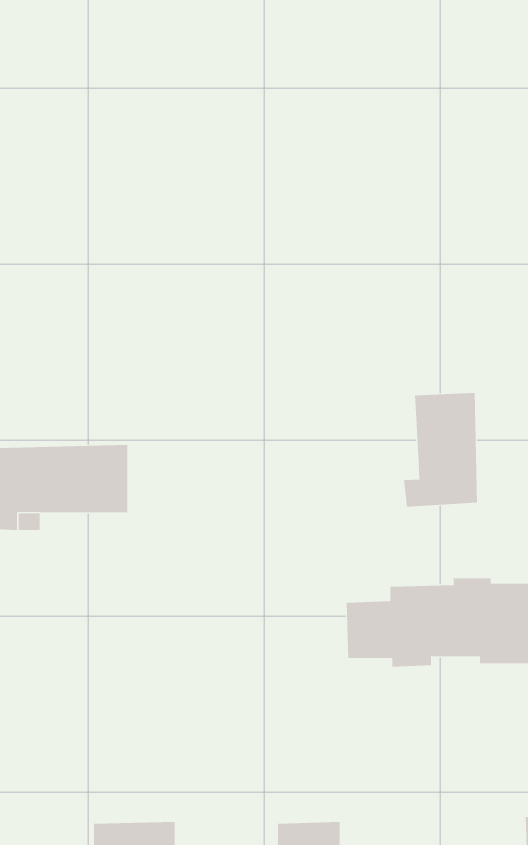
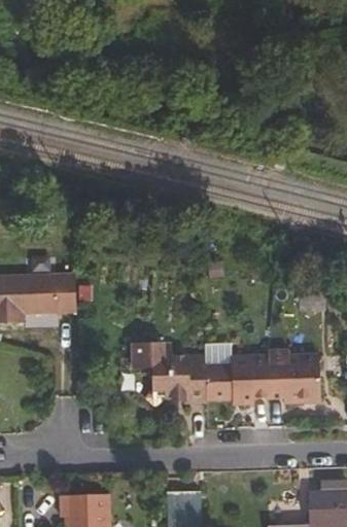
building: [403,392,478,508] -> none
building: none -> [126,340,207,403]

